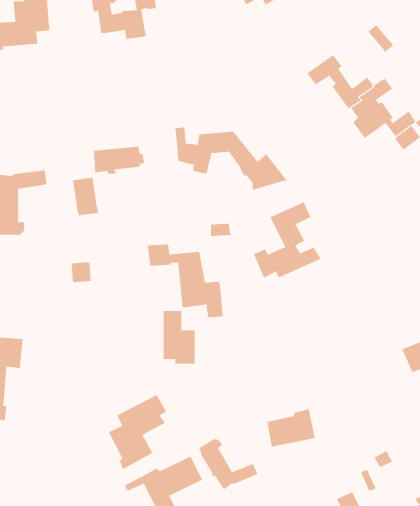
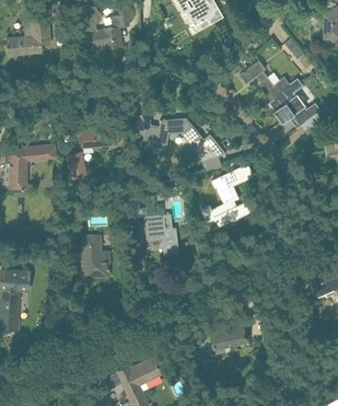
building: [163,311,195,364] -> [84,237,108,277]
building: [108,394,167,470] -> none
building: [198,438,258,490] -> none

